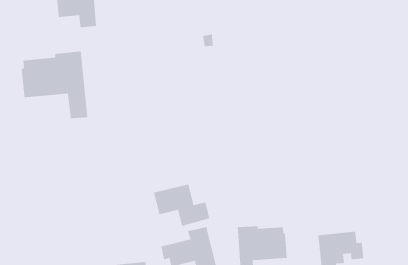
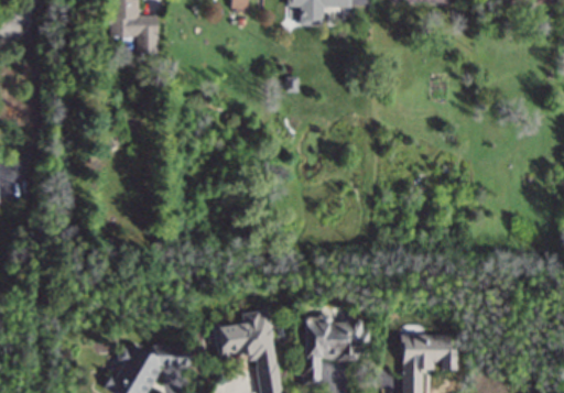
building: [21,51,88,119] -> none
building: [153,183,210,227] -> none

